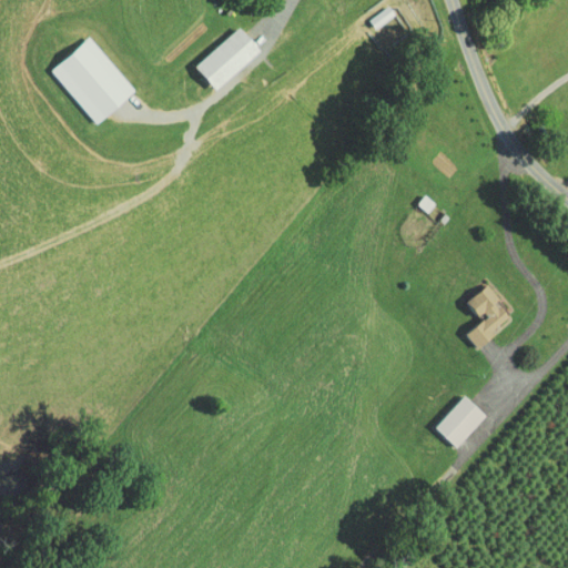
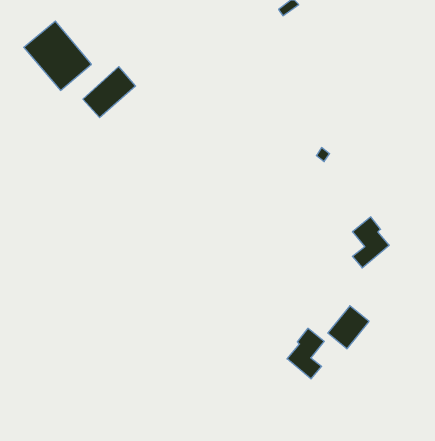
building: [191,28,257,92] -> [83,67,136,118]
building: none -> [287,328,324,379]

